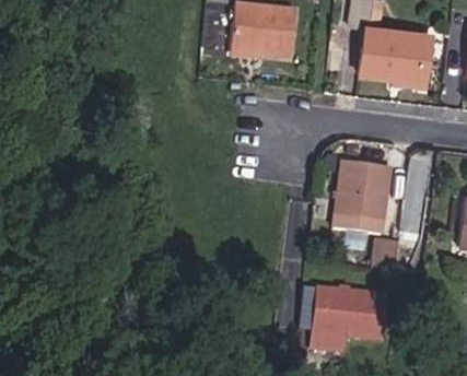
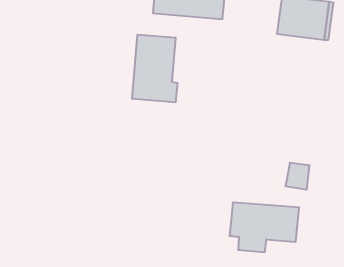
building: none -> [132,35,177,102]
building: [335,163,390,222] -> none

